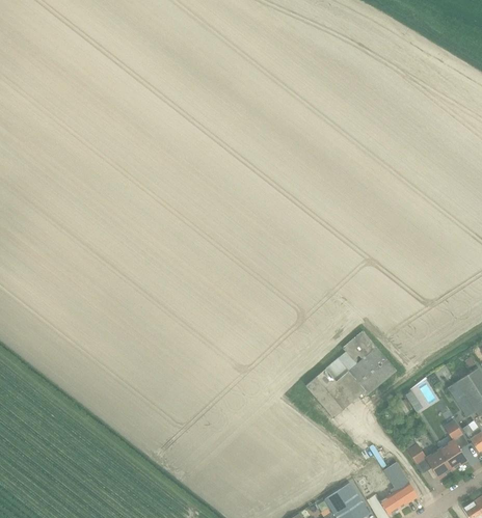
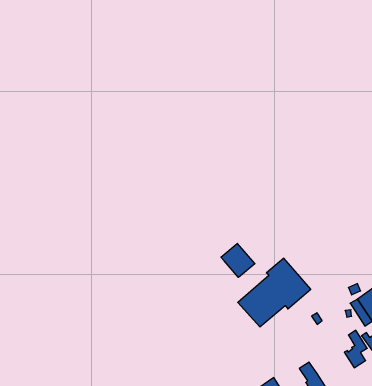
building: none -> [221,243,255,277]
building: [408,444,452,478] -> none

